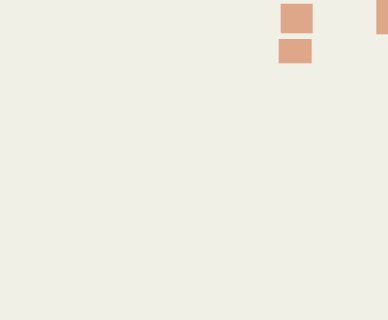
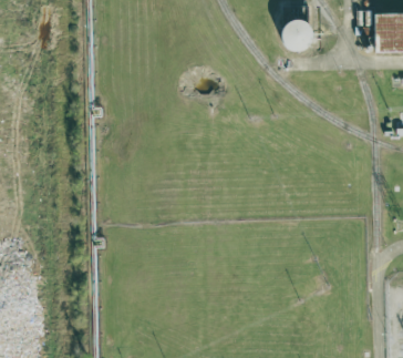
building: [278,38,312,64] -> none

